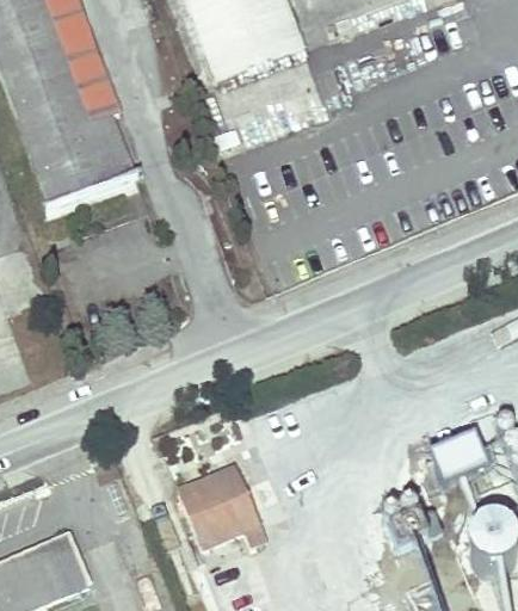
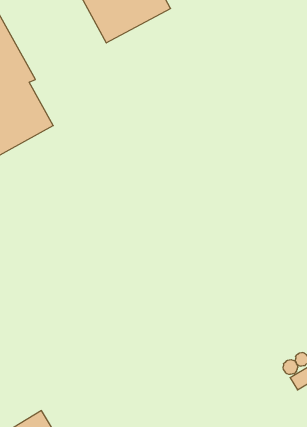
building: [177,462,265,545] -> none

